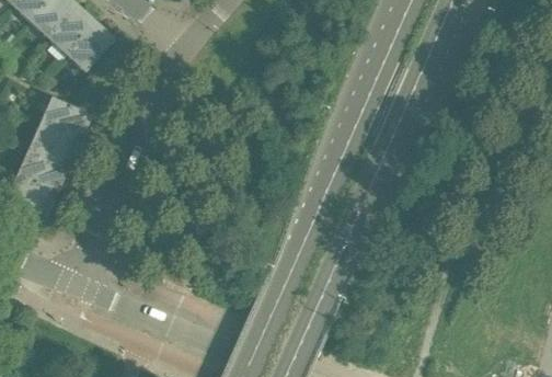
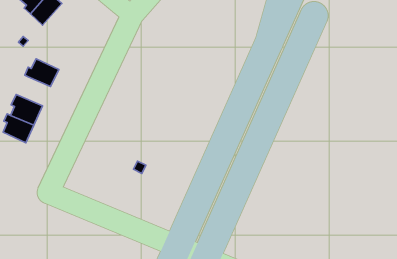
building: [65,21,111,64] -> none
building: [28,121,76,160] -> none

